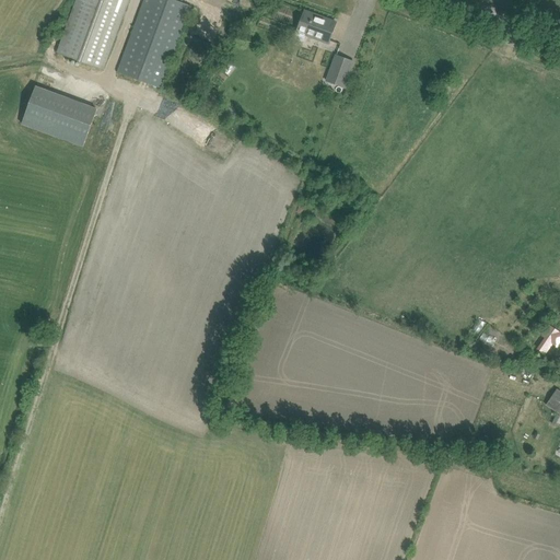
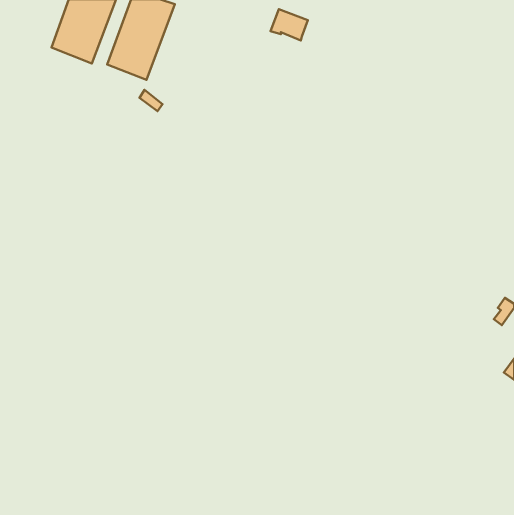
building: [325,54,350,85] -> none
building: [20,84,95,145] -> none

